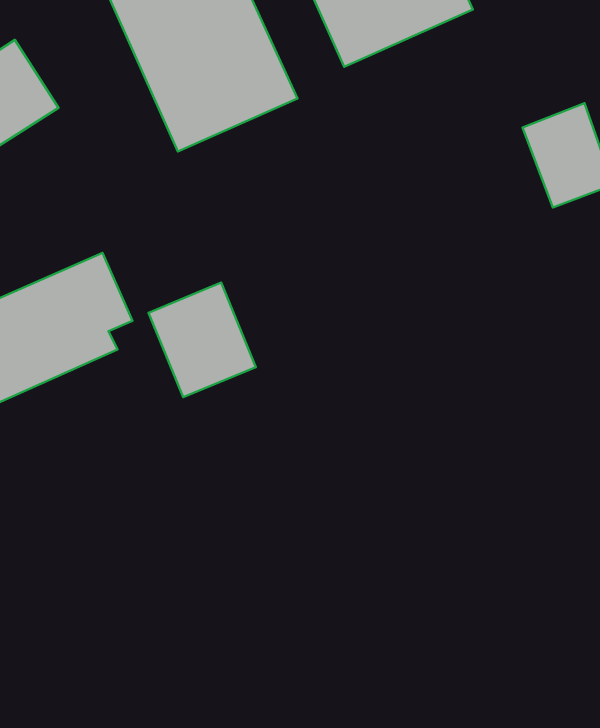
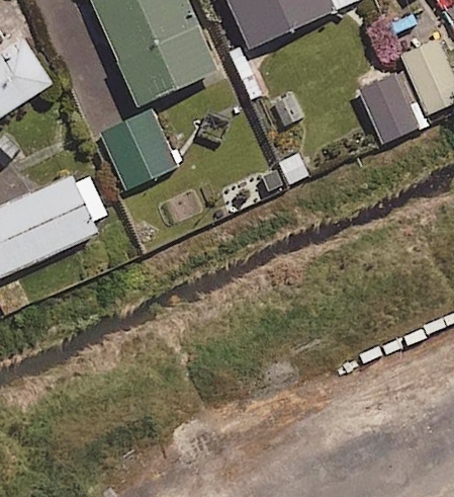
building: [148,282,256,397] -> [105,110,177,187]

